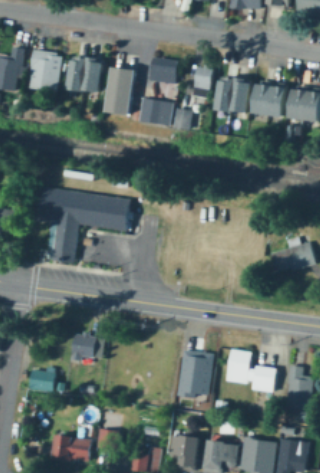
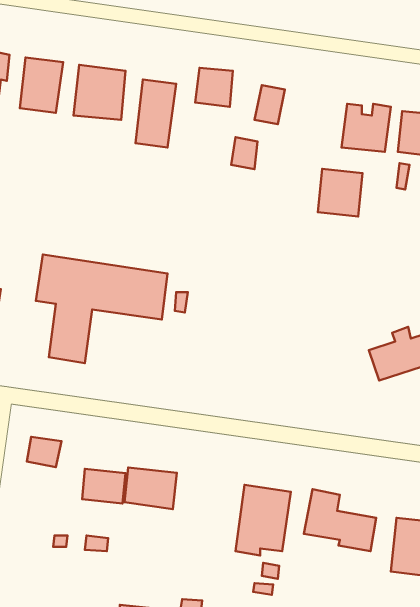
building: [217,77,248,110] -> [318,169,363,217]
building: [139,97,170,122] -> none
building: none -> [124,467,177,509]
building: [28,369,52,390] -> [27,437,62,467]

